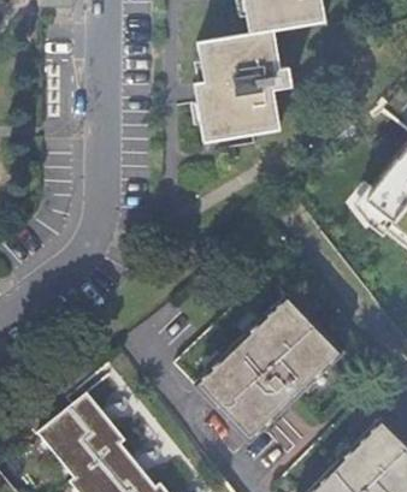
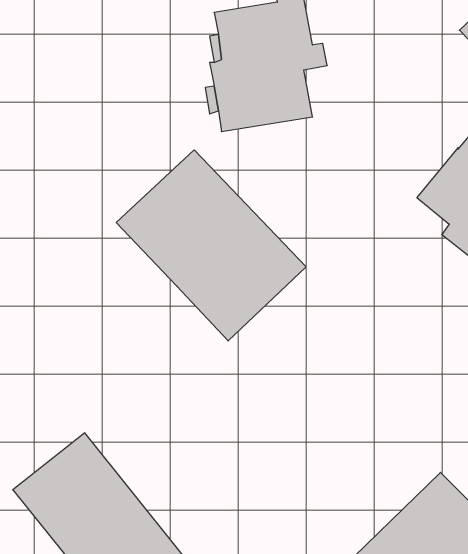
building: none -> [116,150,306,341]
building: [195,298,343,444] -> none

